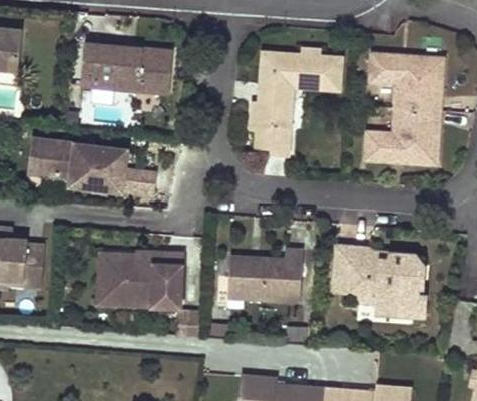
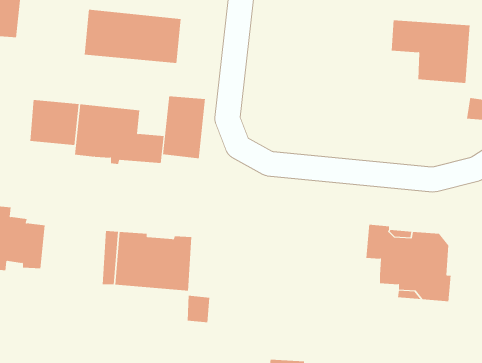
building: [251,50,341,157] -> none
building: [365,109,441,166] -> none
building: none -> [163,95,205,159]
building: [332,245,360,294] -> none
building: [215,249,303,310] -> none

